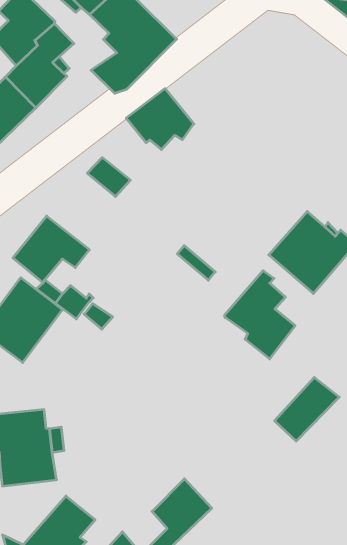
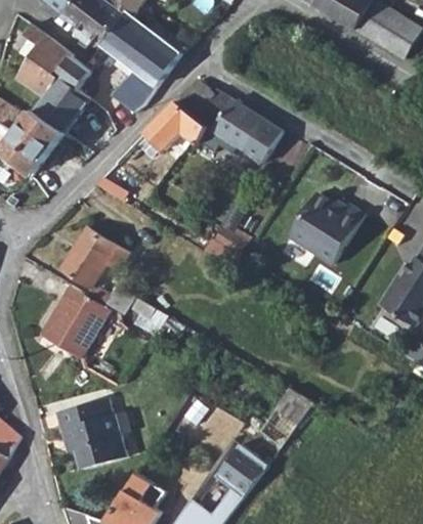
building: none -> [176,80,281,164]
building: [225,271,295,359] -> none
building: [275,377,339,441] -> [259,388,313,446]

